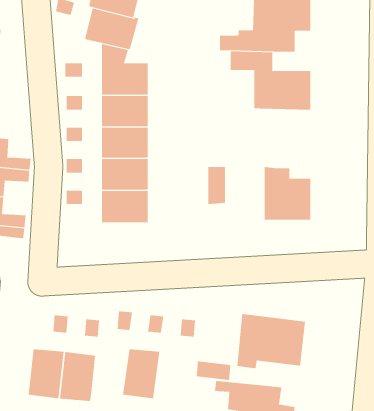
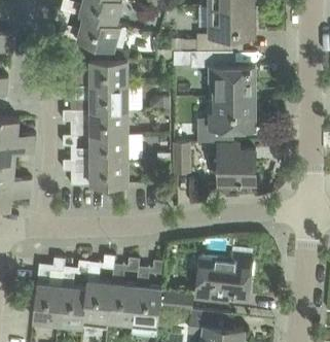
building: none -> [196,96,254,142]
building: none -> [81,281,111,329]
building: none -> [131,286,160,327]

